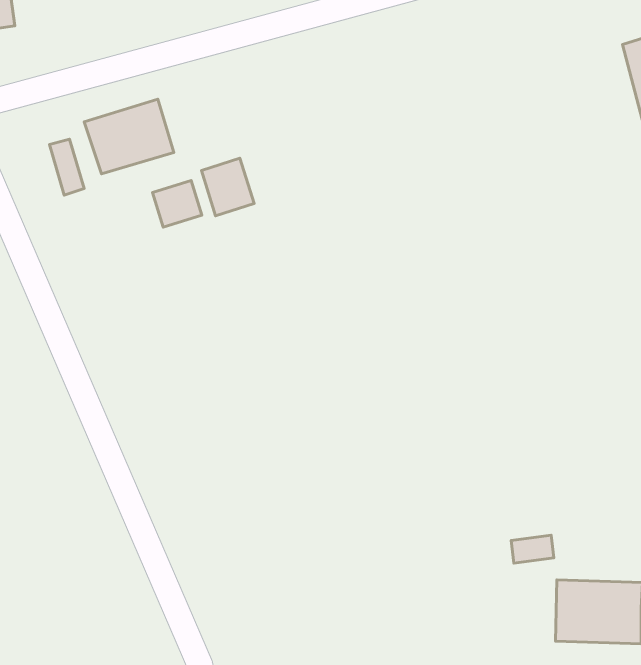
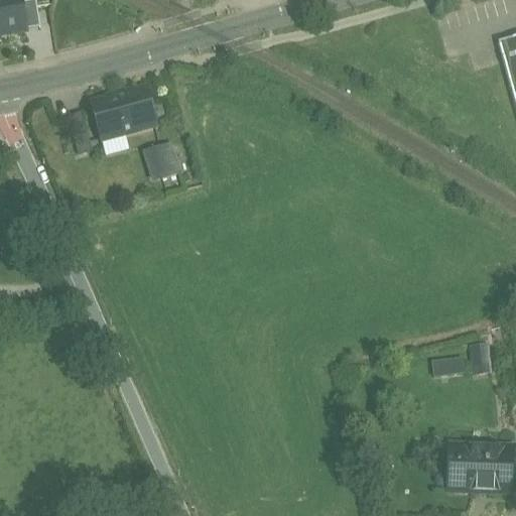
building: [201,158,254,216] -> none
building: none -> [470,342,492,372]
building: [511,535,554,563] -> [431,355,464,376]

